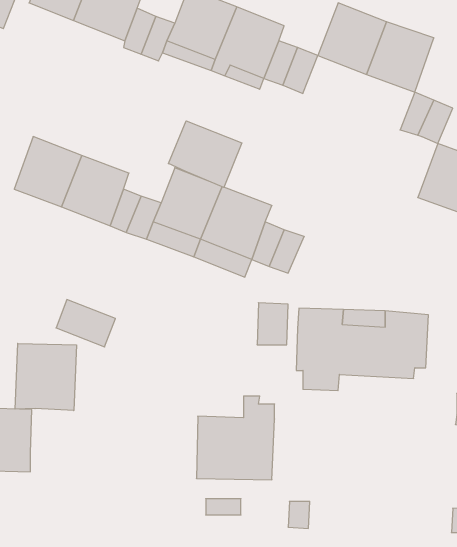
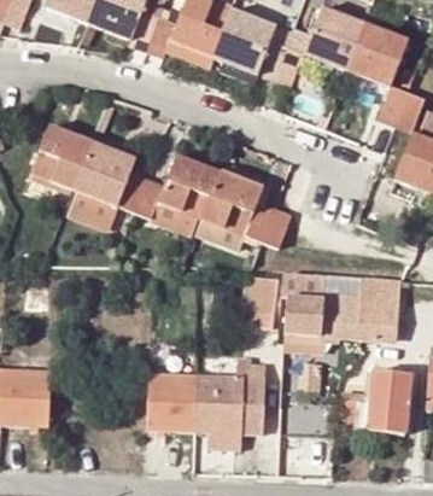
building: [168,121,242,187] -> none
building: [56,300,115,347] -> [65,189,118,232]
building: [15,343,76,411] -> none
building: none -> [343,372,410,433]
building: none -> [146,375,197,432]

